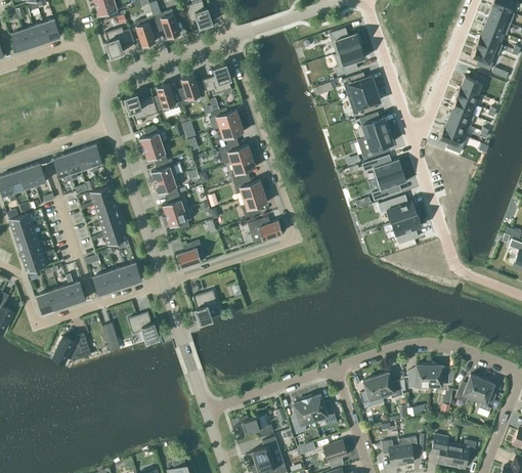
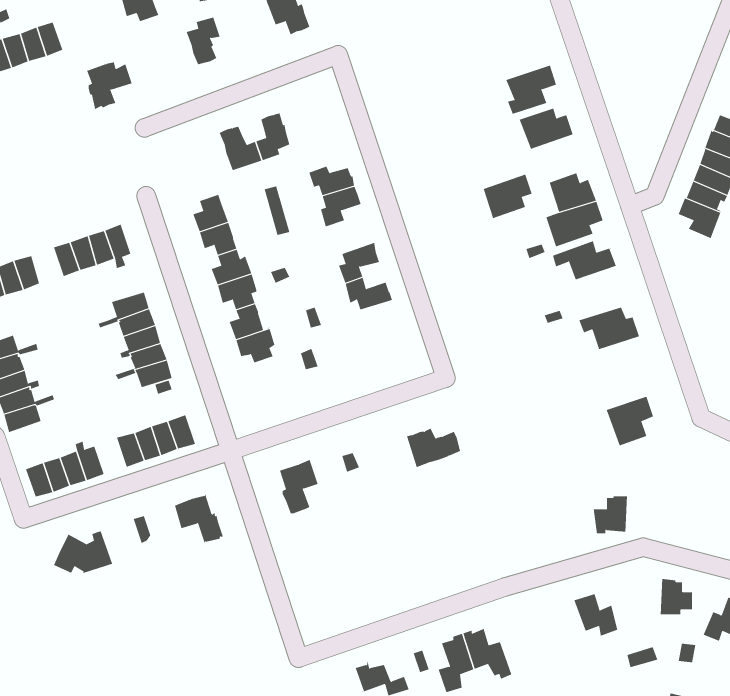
building: [153,12,179,38] -> none
building: [104,28,133,57] -> [86,62,133,110]
building: [329,28,360,54] -> none
building: [203,64,231,94] -> none
building: [348,89,379,117] -> [483,174,532,219]
building: [124,94,157,122] -> none
building: [221,142,252,163] -> none
building: [371,170,406,201] -> none
building: [241,191,267,217] -> none
building: [391,214,421,245] -> [606,396,654,446]
building: [248,218,281,243] -> [406,428,461,468]
building: [176,241,202,267] -> none
building: [407,363,429,387] -> [593,496,628,534]
building: [359,377,382,408] -> none

